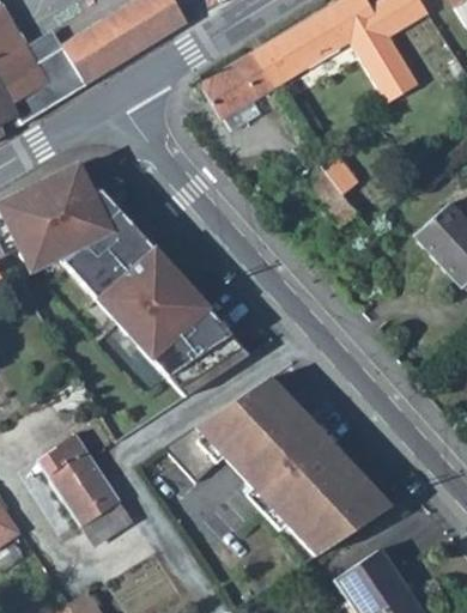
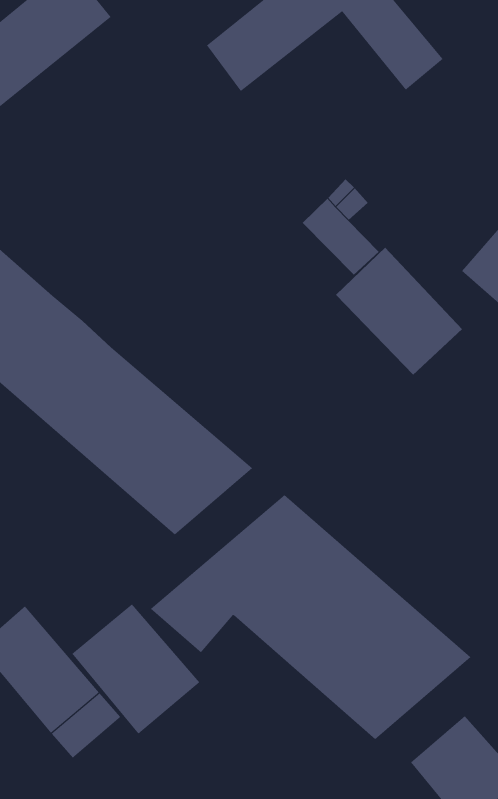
building: [200,50,273,131] -> none
building: none -> [335,247,463,376]
building: none -> [71,603,200,735]

